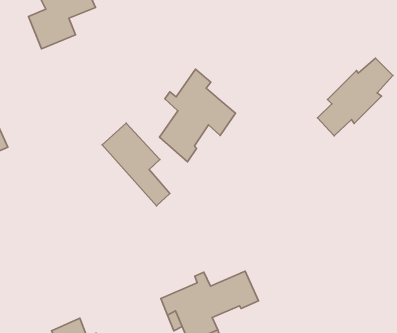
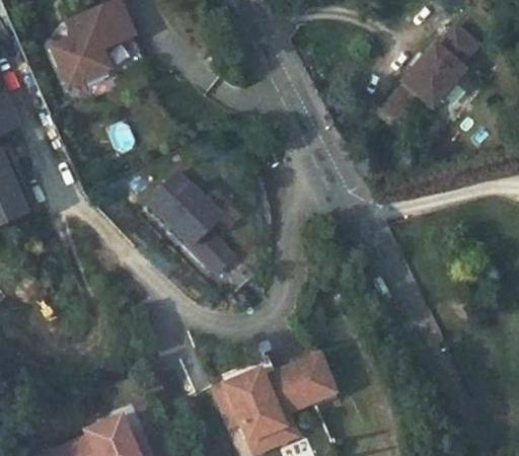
building: [318,58,393,136] -> [380,31,472,127]
building: [160,69,236,162] -> none

